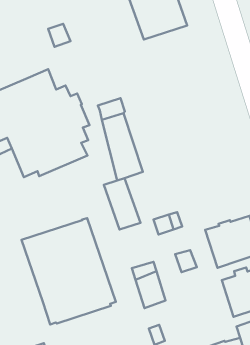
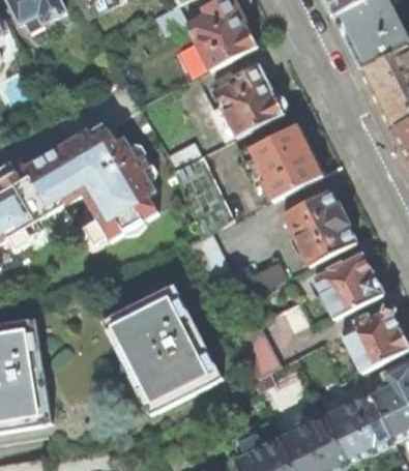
building: none -> [211,61,287,136]
building: none -> [242,123,322,200]
building: none -> [283,188,355,264]

